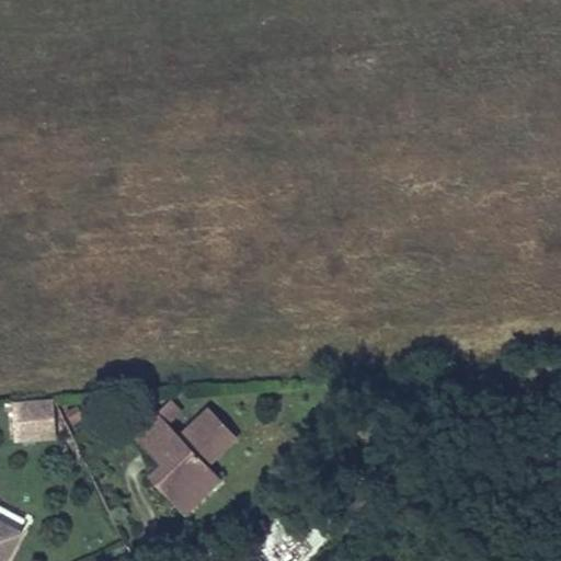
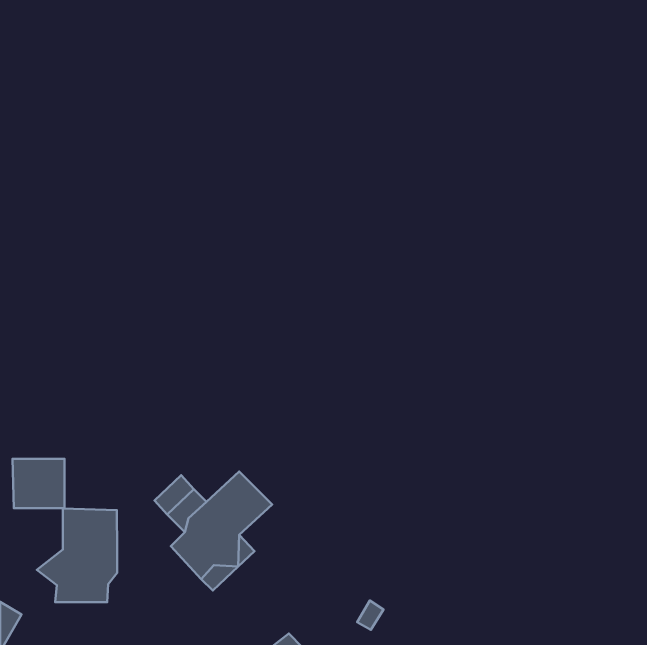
building: none -> [37,509,117,602]

